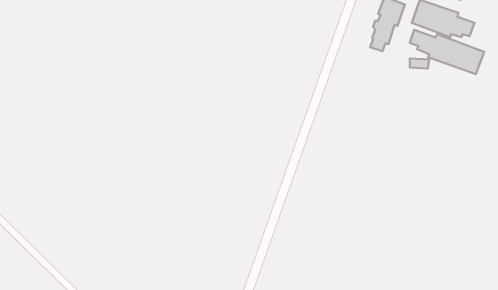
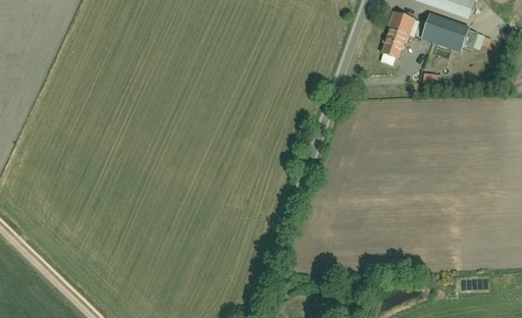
building: [410,30,484,74] -> none

